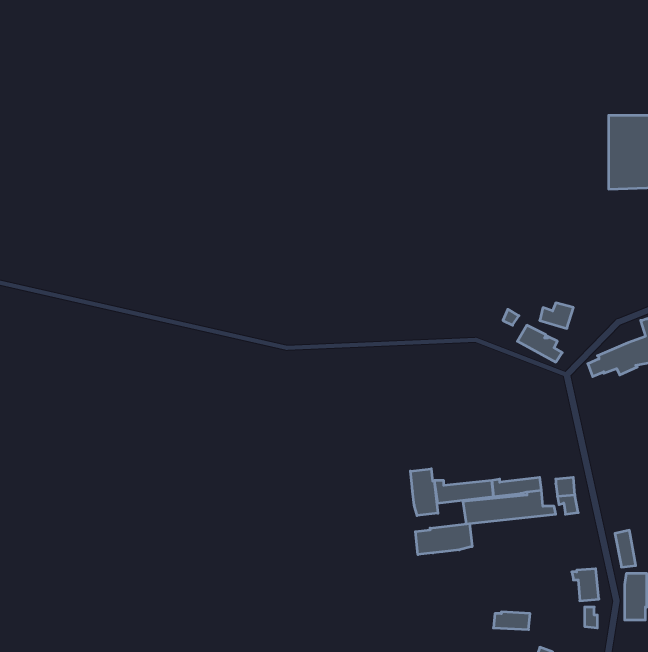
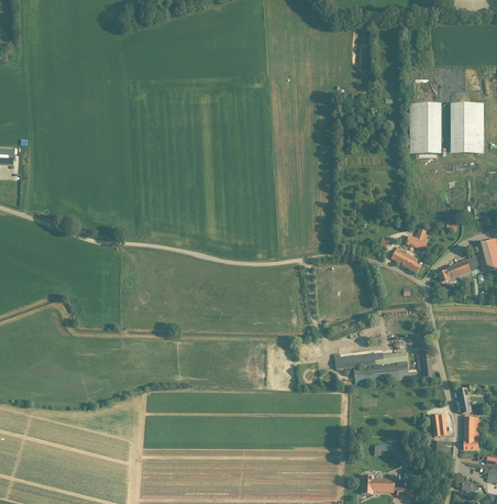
building: none -> [410,102,443,153]
building: [410,469,438,516] -> none
building: [415,524,472,555] -> none

